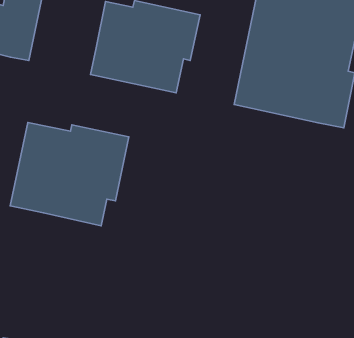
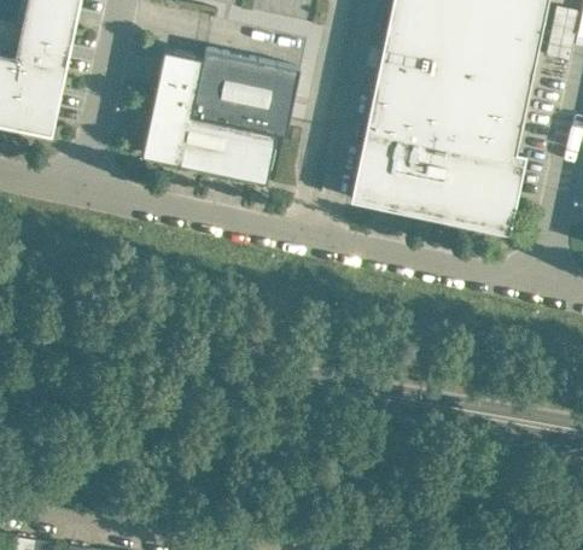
building: [10,122,129,226] -> none

